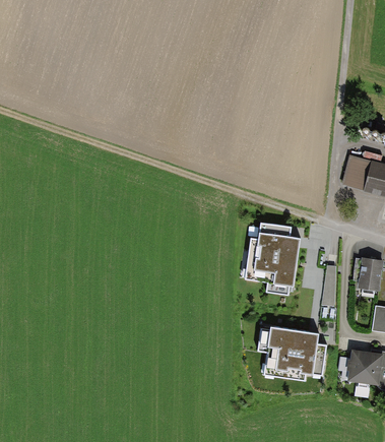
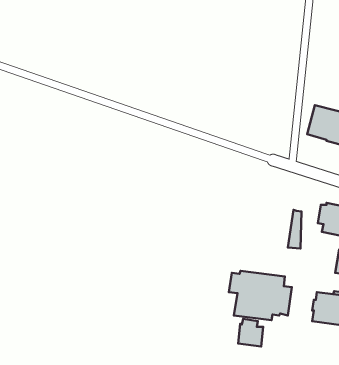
building: [245,223,301,294] -> none
building: none -> [238,319,263,346]

